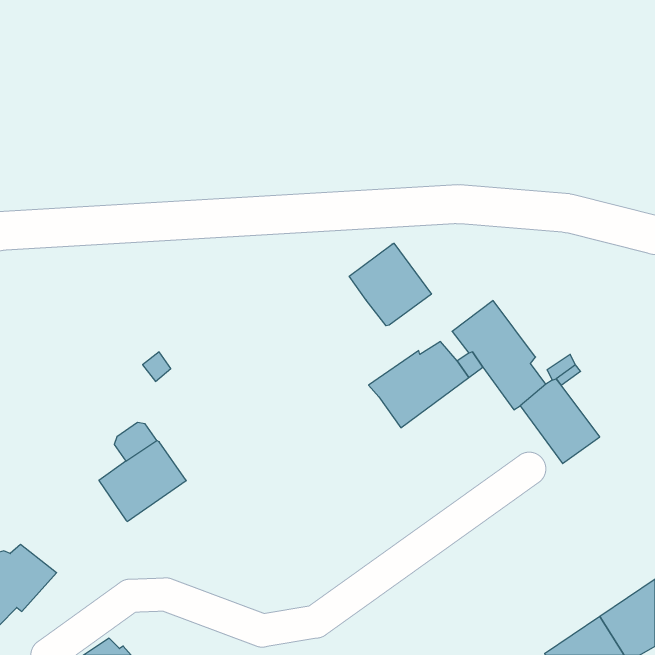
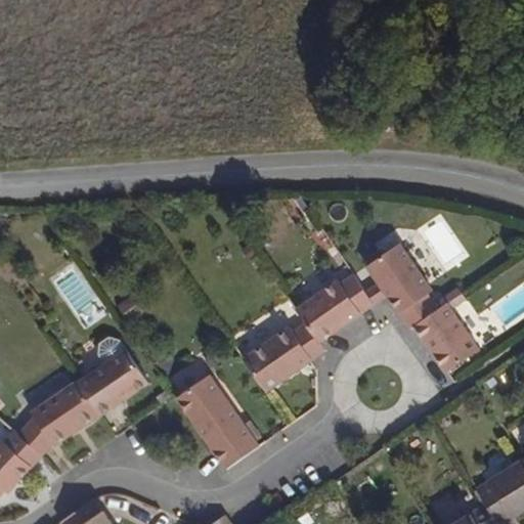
building: [349,243,431,326] -> none
building: none -> [241,316,324,390]
building: none -> [175,374,260,470]
building: none -> [16,380,100,452]

